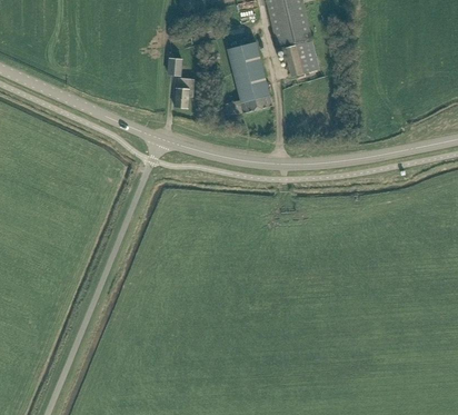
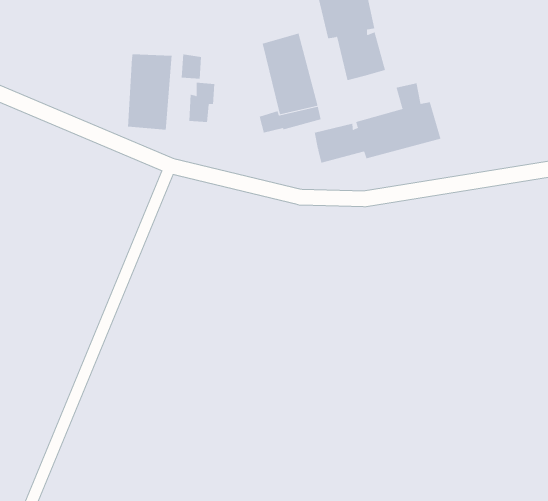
building: none -> [128,53,172,131]
building: none -> [314,82,441,164]

